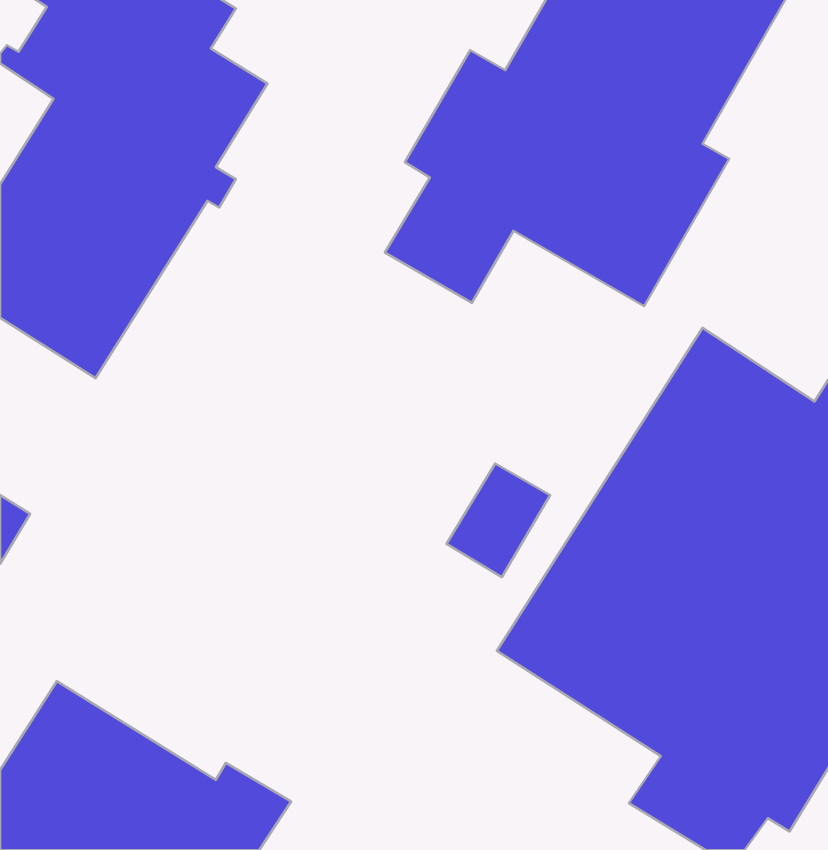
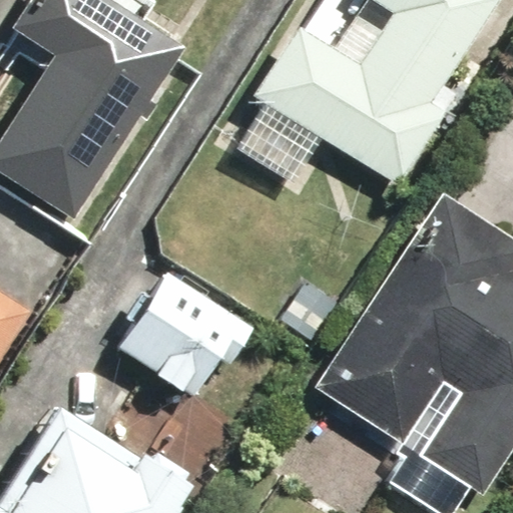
building: none -> [119,271,255,399]

